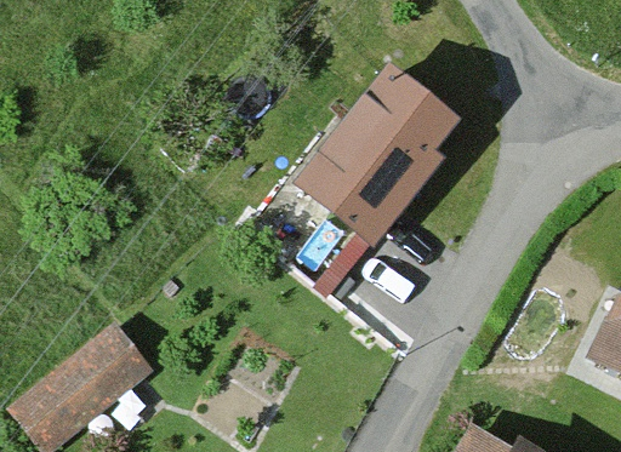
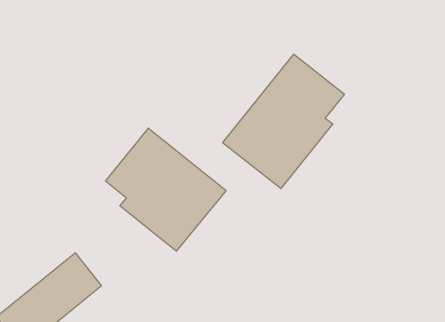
building: none -> [105,128,226,251]

